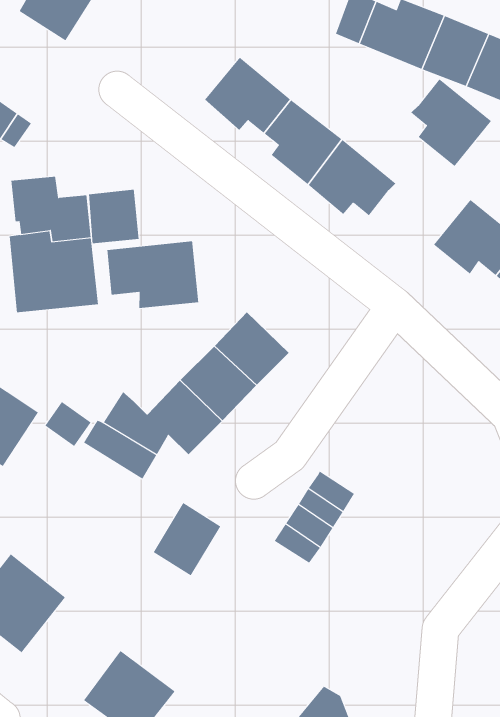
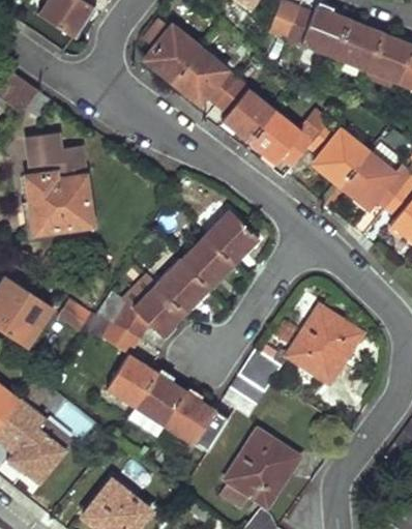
building: none -> [142,17,198,79]
building: [411,78,492,167] -> [306,120,365,184]
building: [88,189,139,244] -> none
building: [107,241,199,309] -> none
building: none -> [203,209,258,263]
building: none -> [288,306,373,380]
building: none -> [107,355,156,408]
building: none -> [163,389,215,444]
building: none -> [220,430,295,507]

